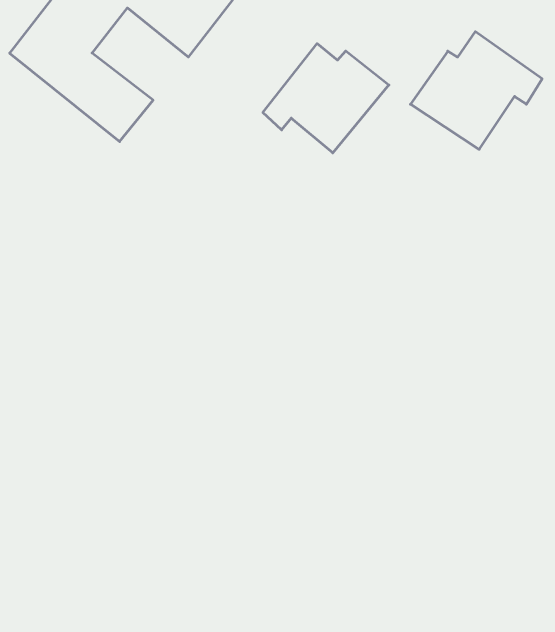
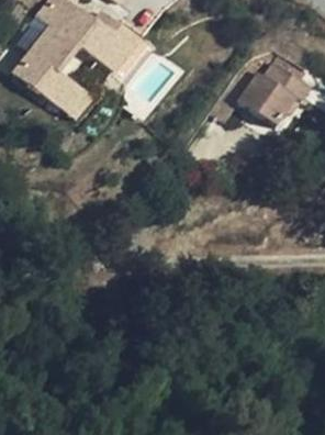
building: [263,44,389,153] -> none

